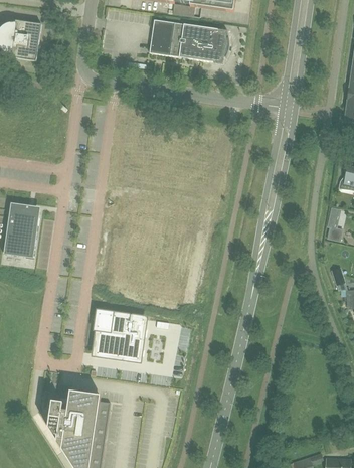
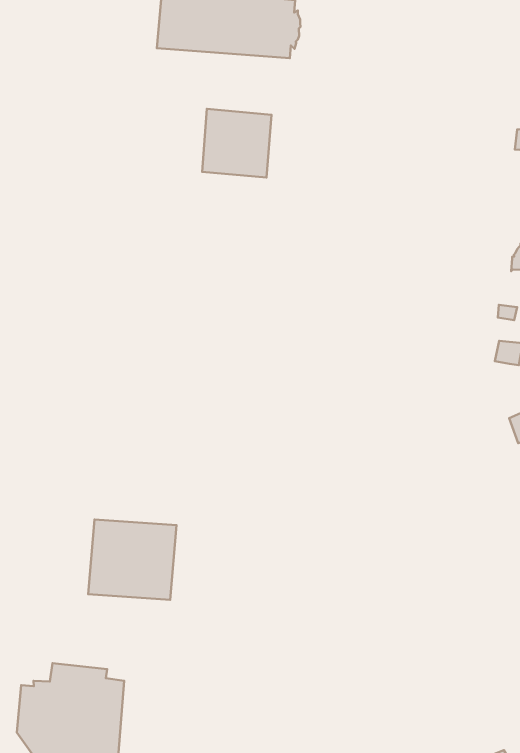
building: none -> [202,109,272,178]

